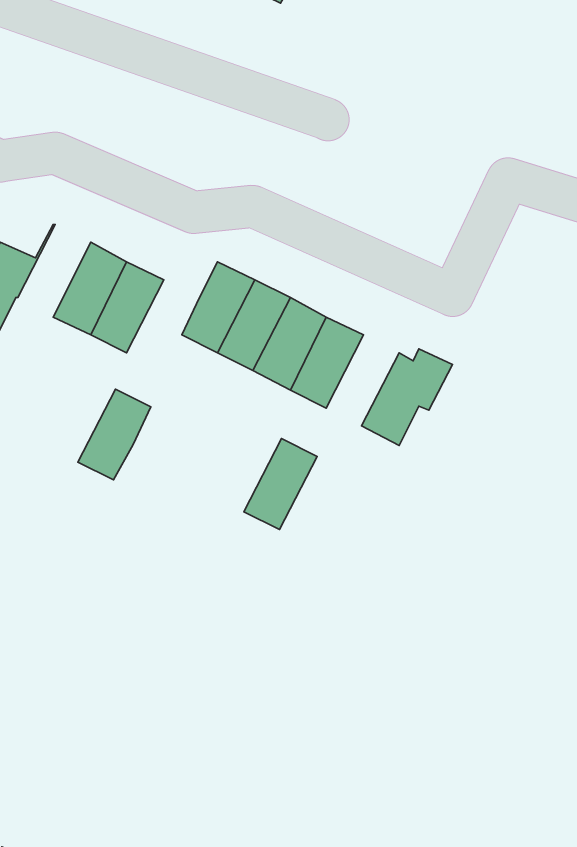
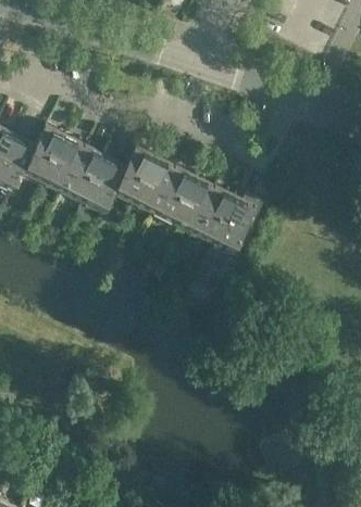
building: none -> [24,128,64,179]
building: [78,389,151,480] -> [84,159,124,208]
building: [244,439,317,529] -> [194,189,234,239]

